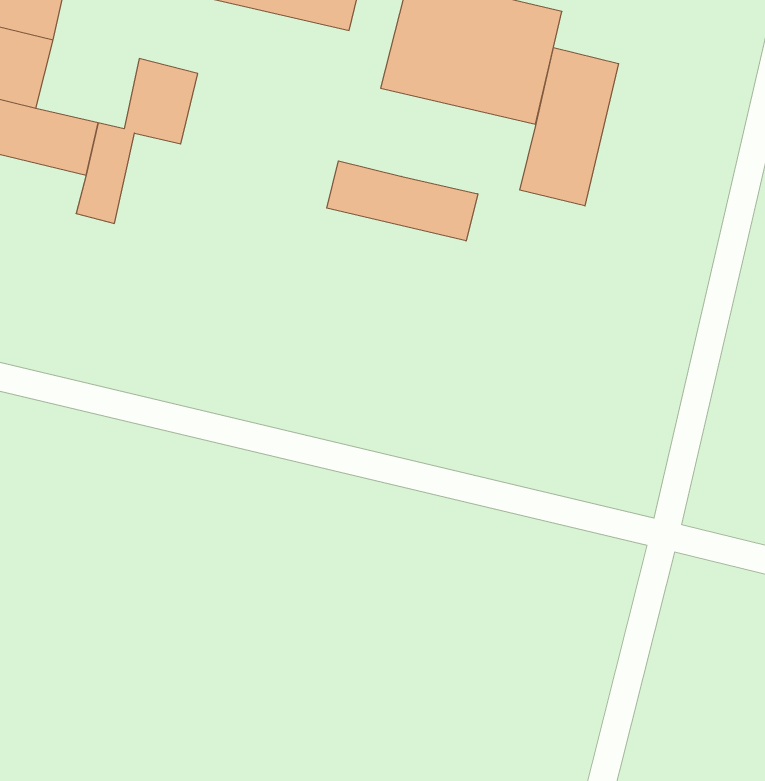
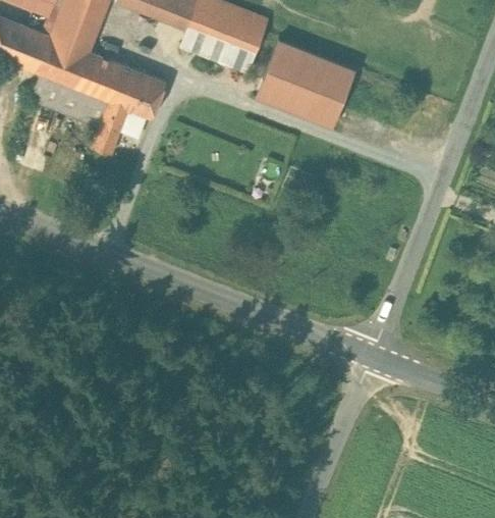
building: none -> [75,51,133,103]
building: [520,48,619,206] -> none
building: [327,161,478,241] -> none

